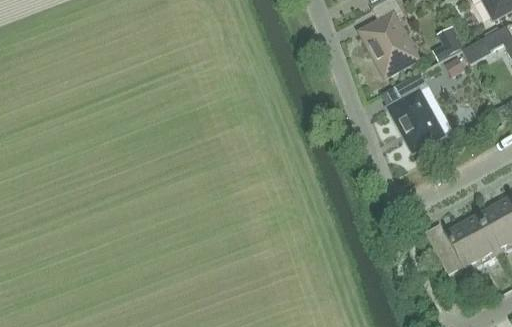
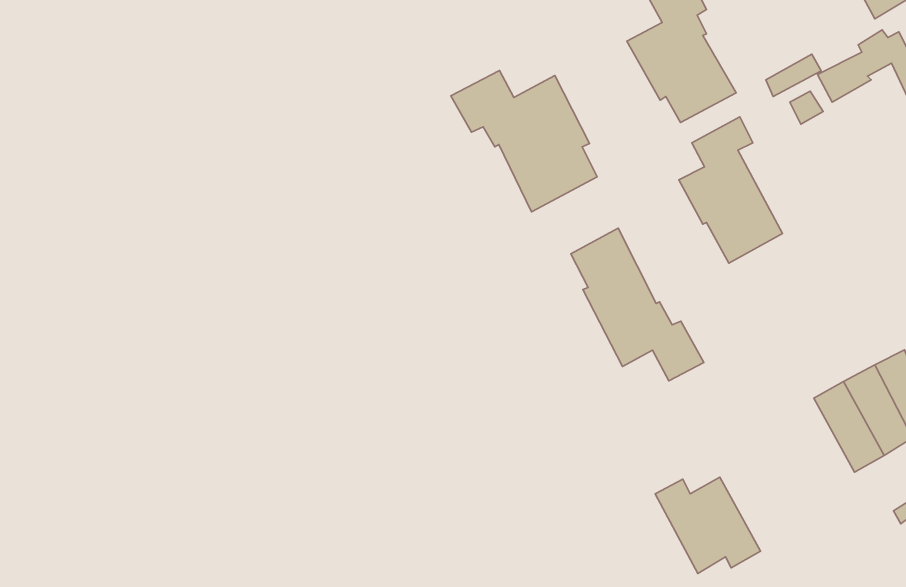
building: none -> [451,70,597,212]
building: none -> [571,228,704,381]
building: [425,223,482,275] -> [655,477,761,573]

